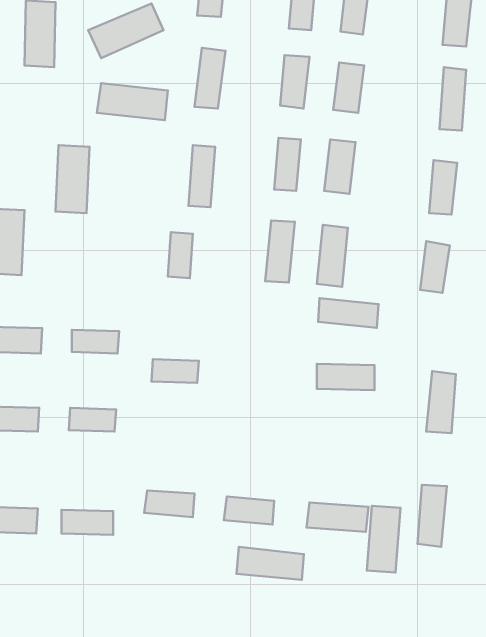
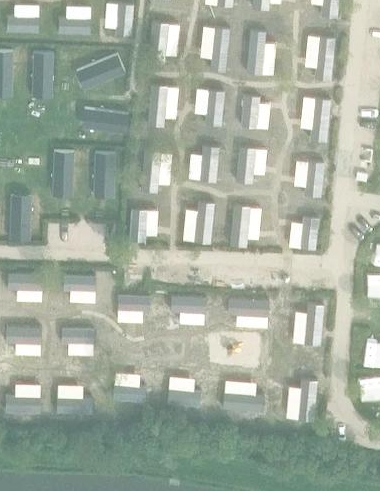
building: none -> [93,152,115,196]
building: [318,298,378,328] -> none
building: none -> [170,296,206,313]
building: [367,506,400,573] -> none
building: [237,547,304,580] -> none

